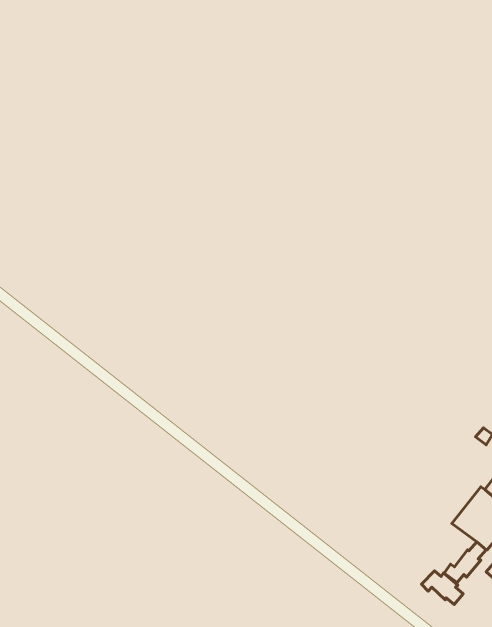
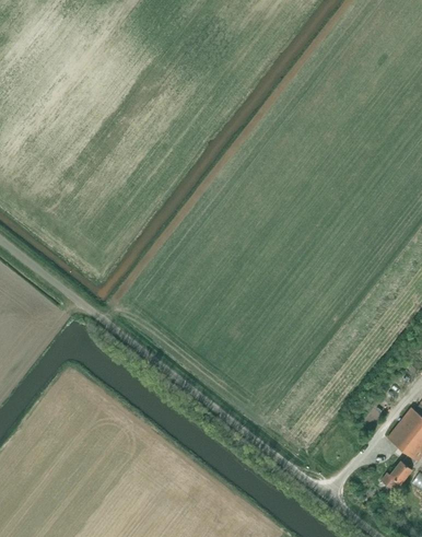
building: [422,571,463,604] -> none

